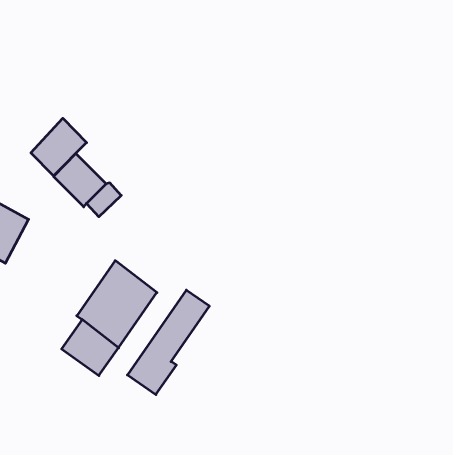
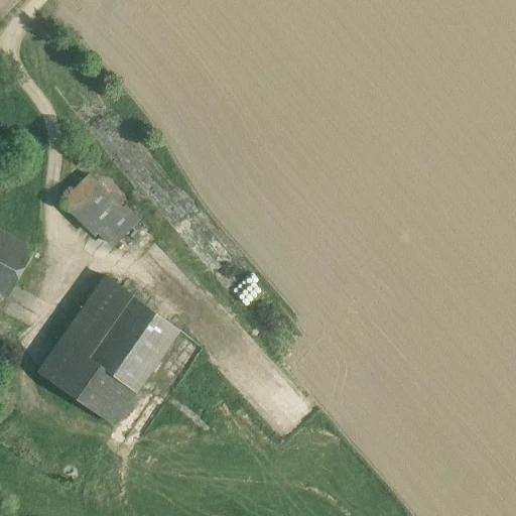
building: [31,118,87,176] -> none
building: [127,290,209,395] -> [37,276,130,394]

